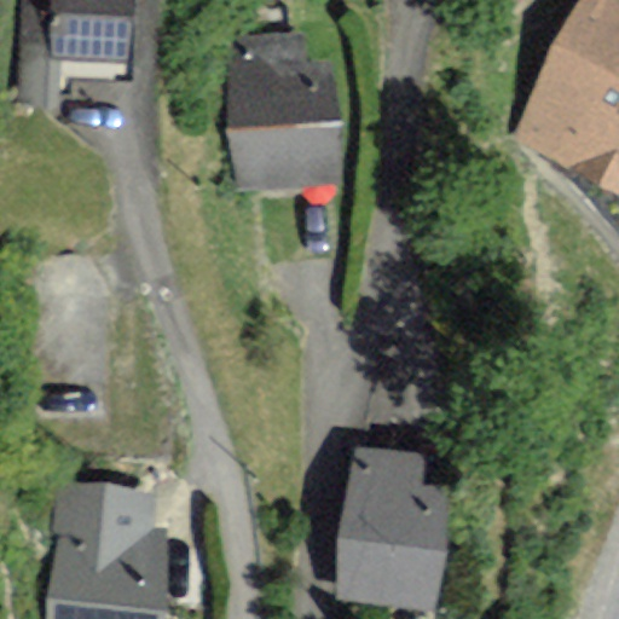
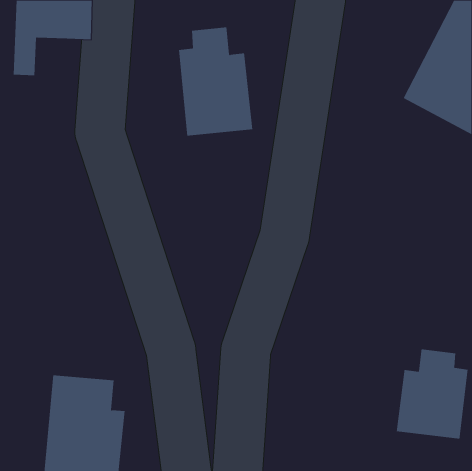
building: [343,453,449,607] -> none
building: none -> [396,348,468,439]

